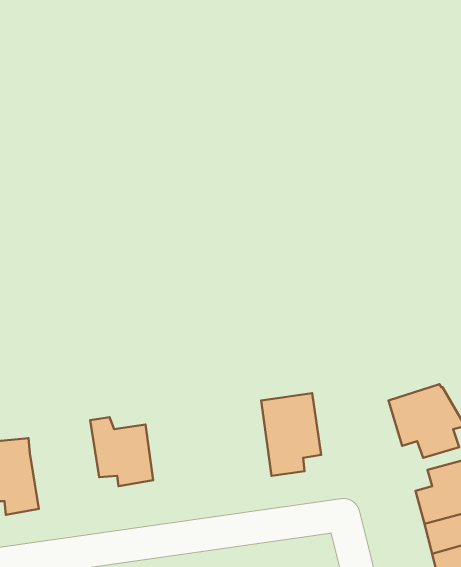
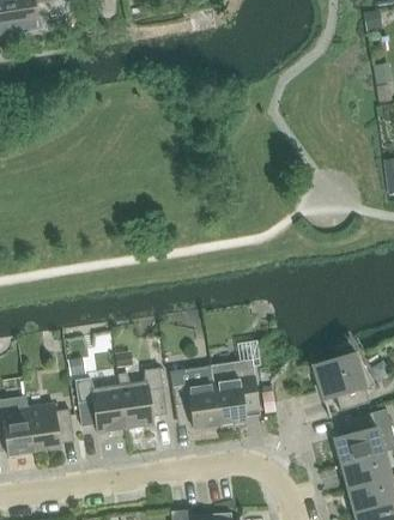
building: none -> [171,364,220,428]
building: none -> [119,367,168,428]
building: none -> [28,403,74,451]

